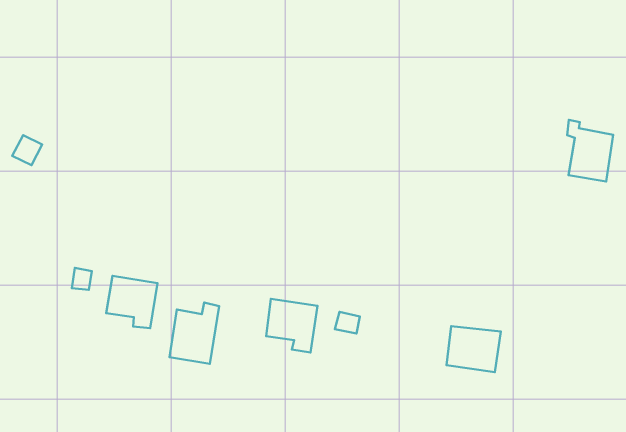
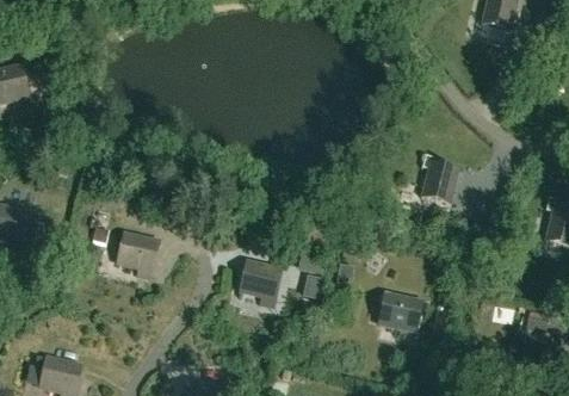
building: [567,120,613,181] -> [422,153,459,203]
building: [170,302,219,364] -> none

